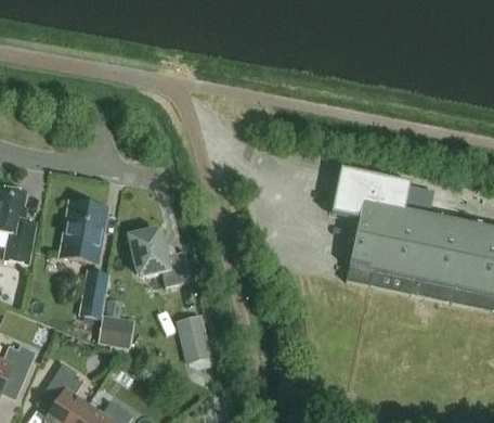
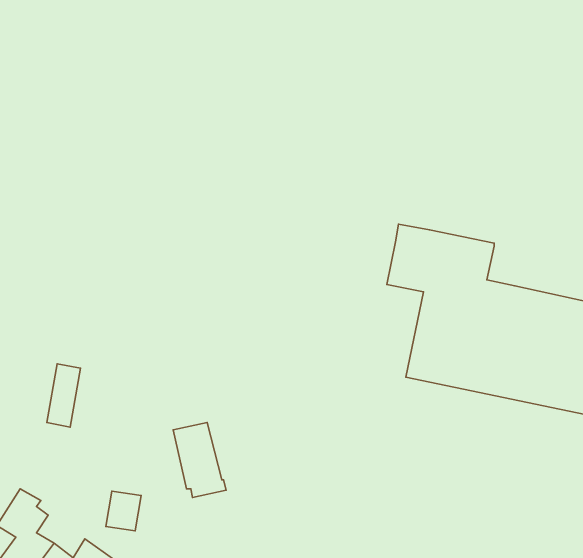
building: [62,200,107,262] -> none
building: [129,229,180,286] -> none
building: [100,315,126,344] -> [106,491,141,531]

